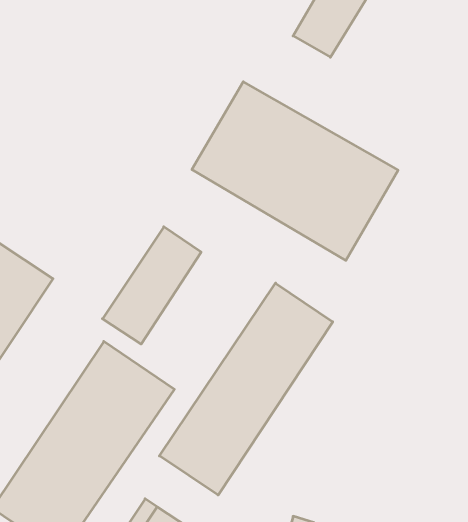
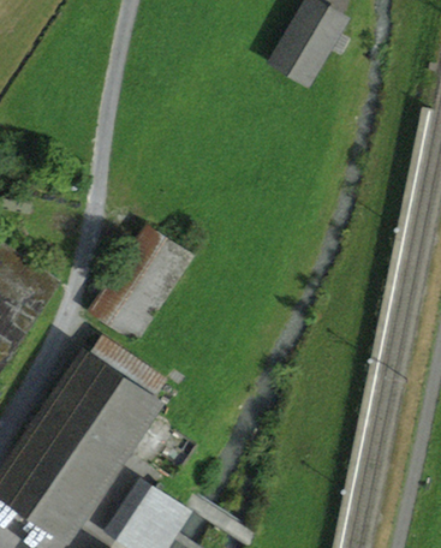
building: [192,82,398,260] -> none
building: [159,283,333,495] -> none

